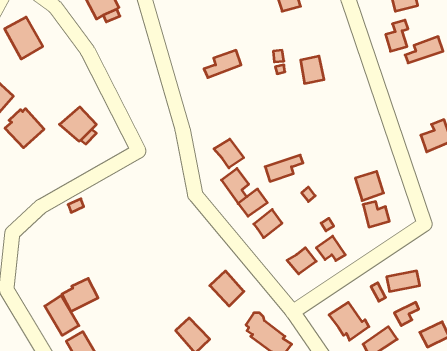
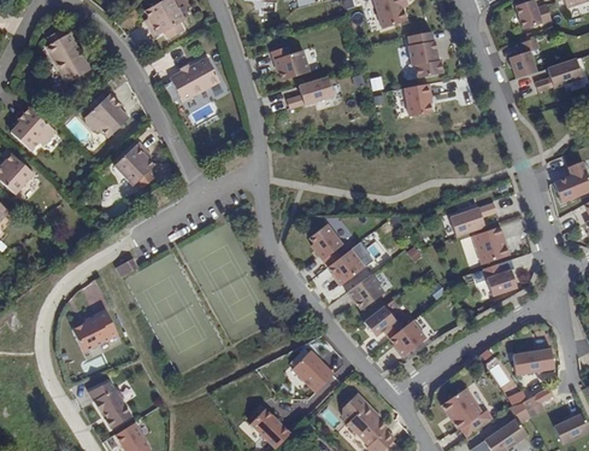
building: none -> [410,31,446,78]
building: none -> [275,47,311,78]
building: none -> [167,58,219,105]
building: [5,109,44,148] -> [81,95,129,144]
building: [214,139,244,168] -> none
building: [265,155,303,181] -> [449,203,496,235]
building: [316,236,345,261] -> [365,305,401,335]
building: [62,278,98,312] -> [75,308,119,348]

